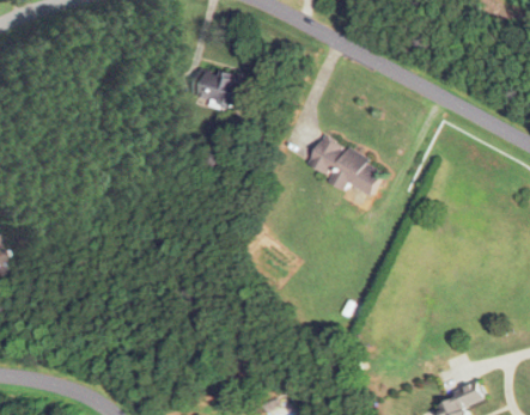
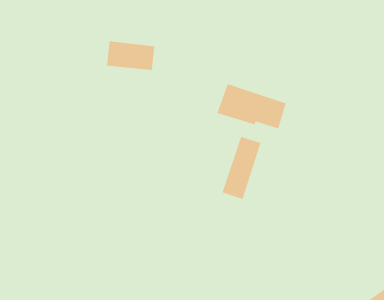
building: none -> [222,136,261,200]

